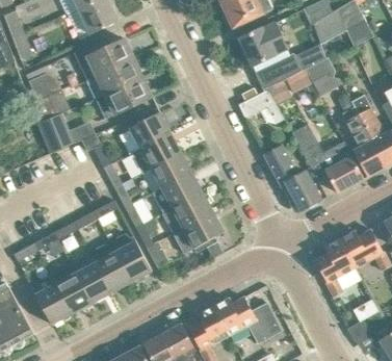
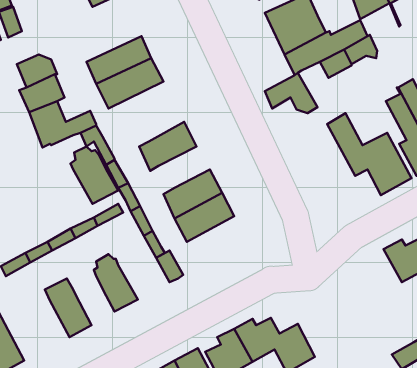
building: [86,40,133,80] -> none
building: [129,112,169,148] -> none
building: [265,147,320,210] -> none
building: [151,152,191,187] -> none
building: [172,211,224,259] -> none
building: [111,233,152,282] -> [71,146,118,204]
building: [314,239,361,296] -> none
building: [70,254,110,304] -> none
building: [30,274,72,325] -> none

